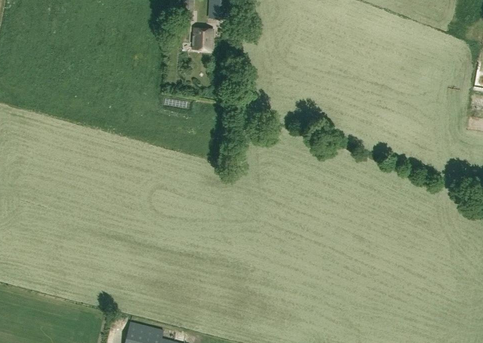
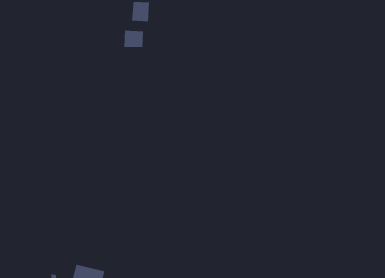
building: none -> [124,30,144,48]

